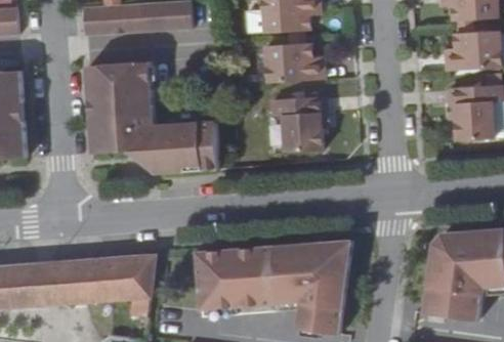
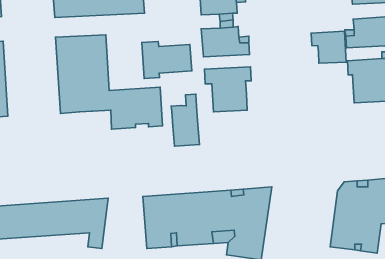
building: none -> [311,31,346,63]
building: none -> [142,41,192,78]
building: none -> [171,94,200,146]

